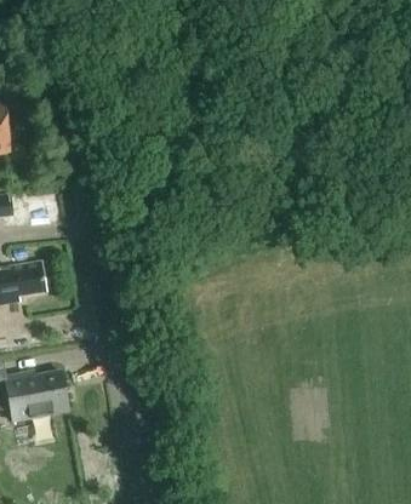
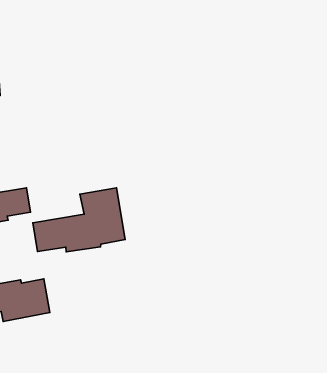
building: none -> [33,188,125,252]

